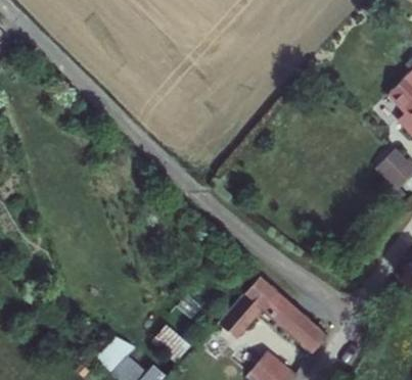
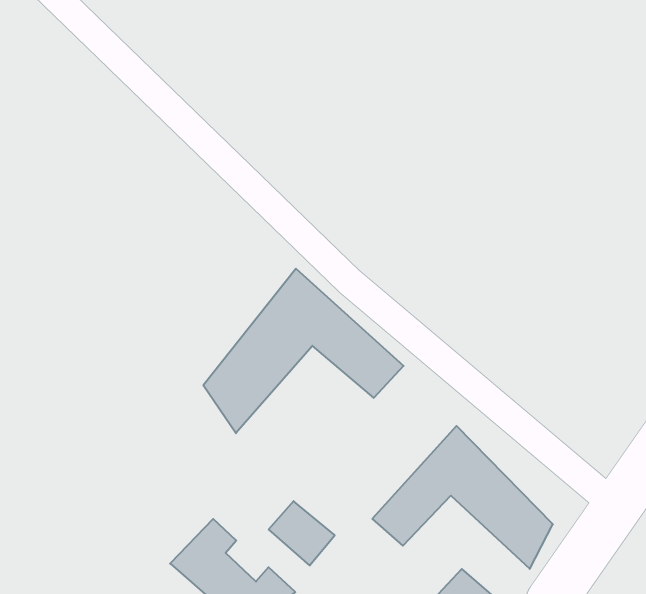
building: none -> [203,269,404,433]

